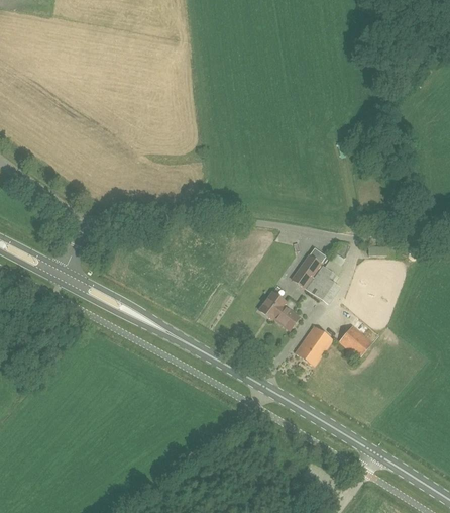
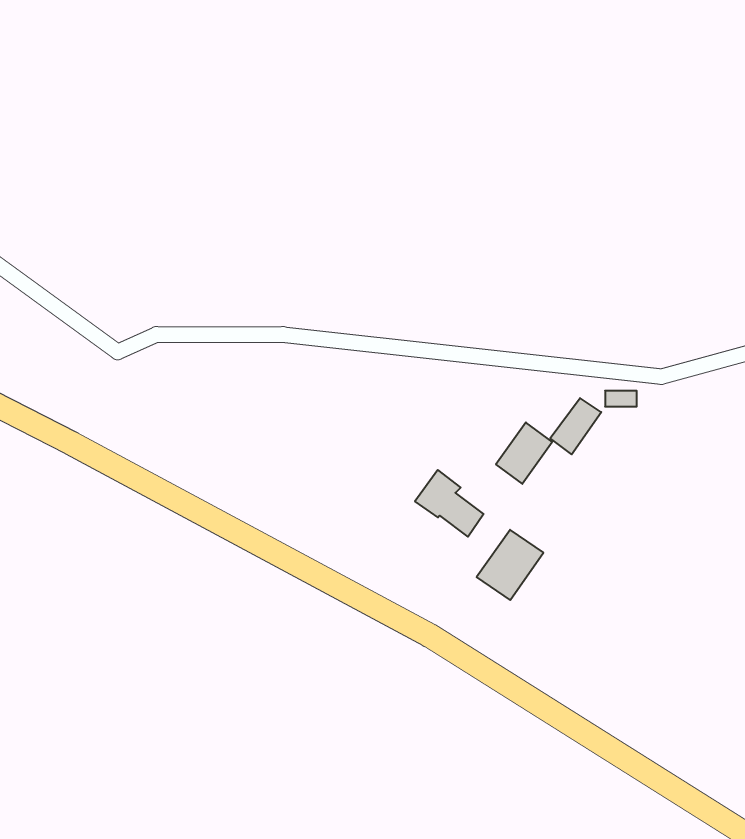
building: [292,254,321,287] -> [550,398,601,454]
building: [338,324,372,357] -> none

